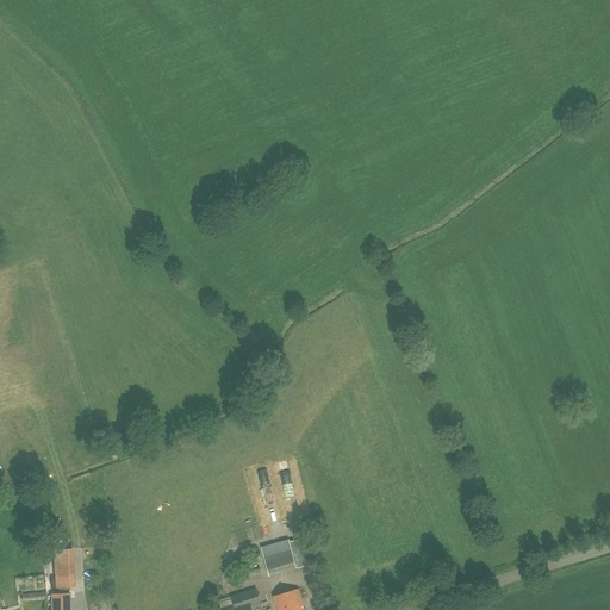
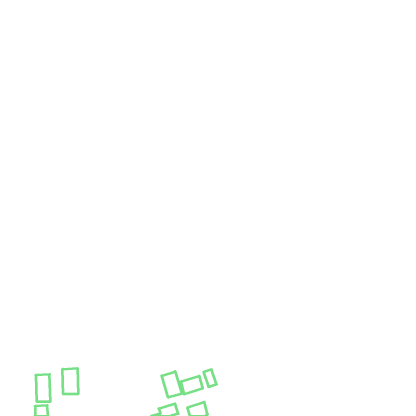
building: none -> [63,368,78,394]
building: none -> [162,371,182,397]

